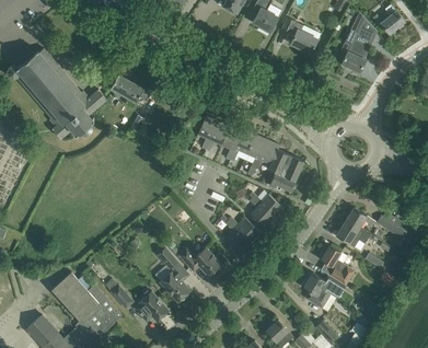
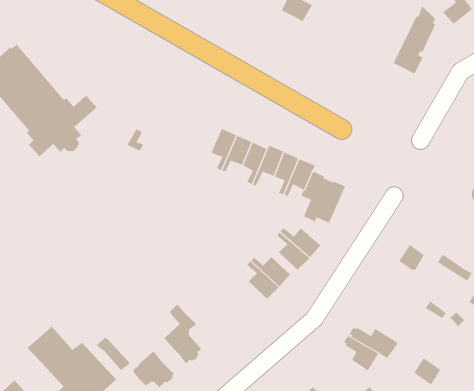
building: [281,19,320,53] -> none
building: [109,73,151,102] -> none
building: [335,220,374,246] -> none
building: [320,245,354,285] -> none
building: [178,247,220,275] -> none

